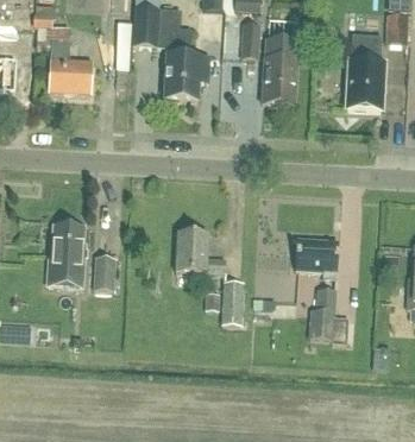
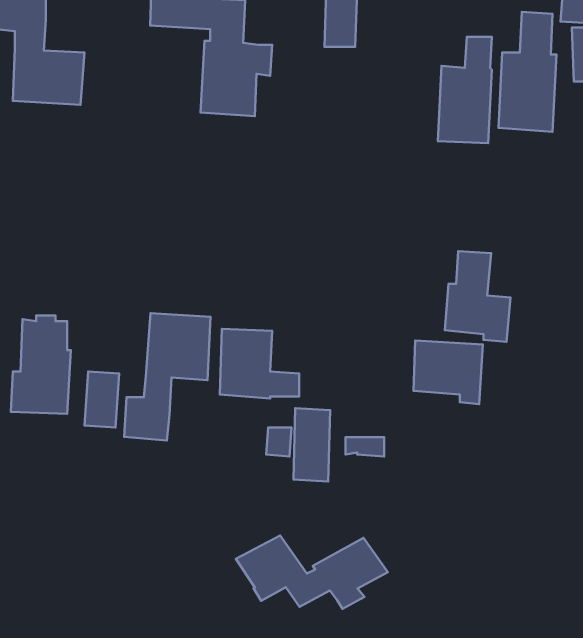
building: [263,39,296,105] -> [438,37,492,143]
building: none -> [124,313,211,440]
building: [308,288,348,343] -> [445,251,511,342]
building: none -> [236,535,388,609]

